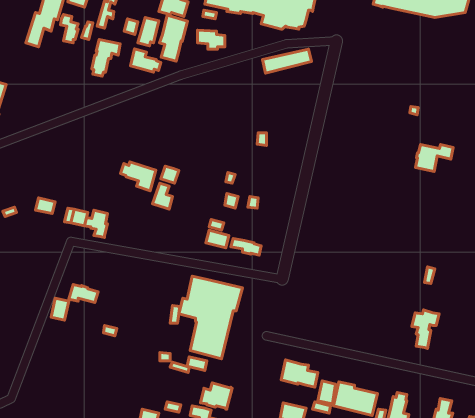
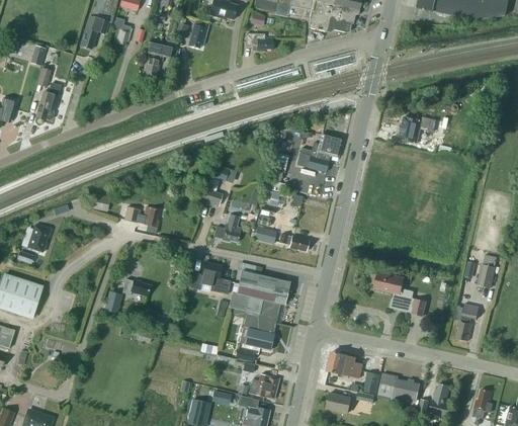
building: [160,15,187,61] -> none
building: [131,49,161,72] -> none
building: none -> [300,132,343,172]
building: [415,144,453,172] -> [399,116,435,143]
building: [121,162,156,191] -> none
building: none -> [213,214,241,241]
building: none -> [477,254,497,287]
building: none -> [189,262,231,293]
building: none -> [373,271,426,316]

